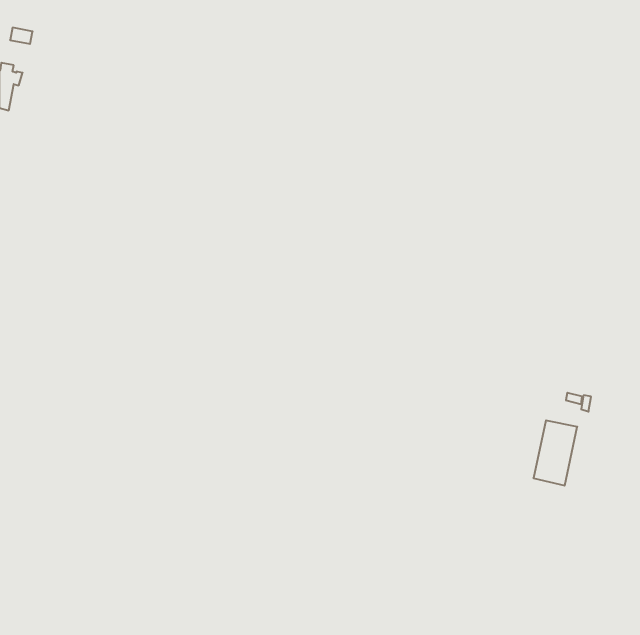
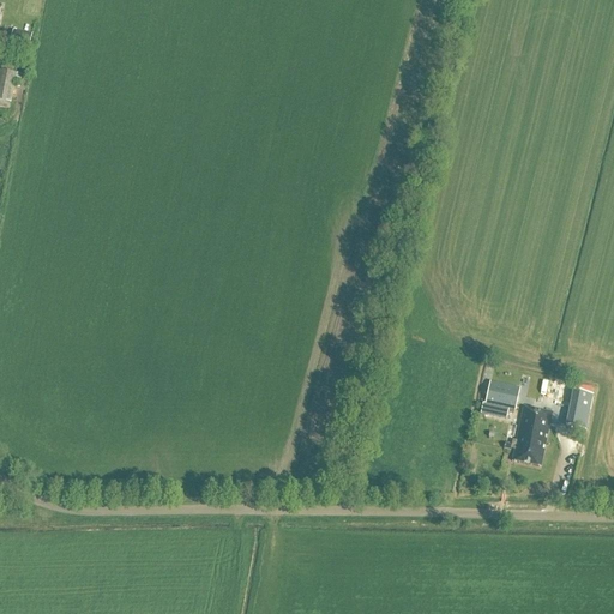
building: none -> [484,378,517,405]
building: none -> [565,387,591,426]

